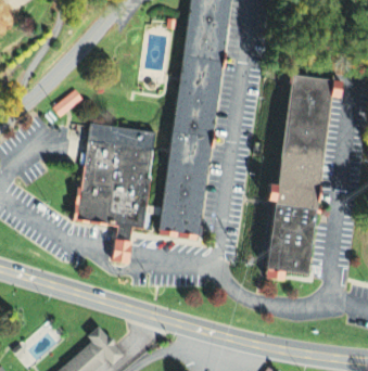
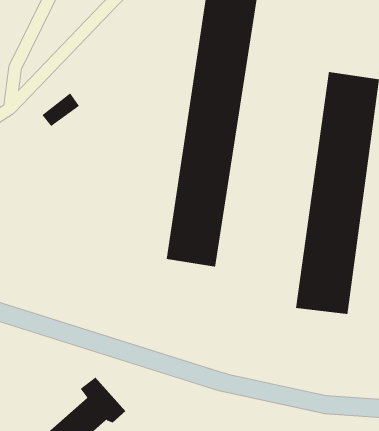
building: [72,120,157,259] -> none

